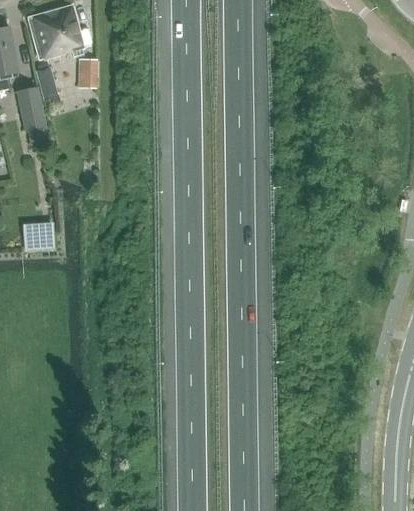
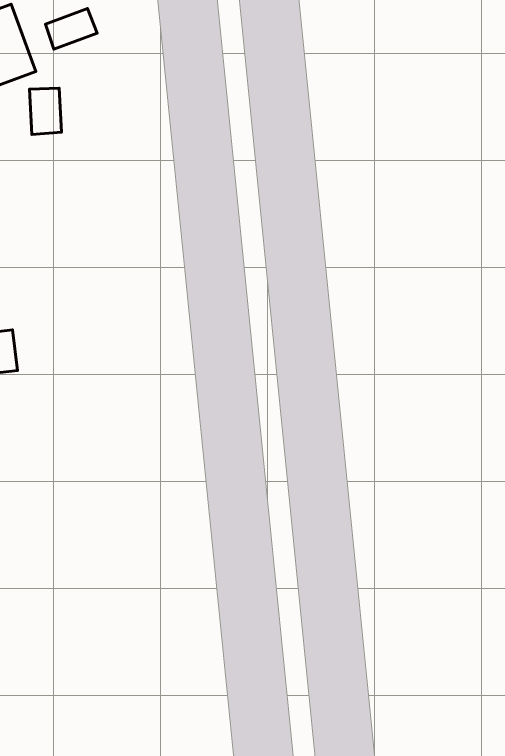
building: none -> [46,9,97,49]

